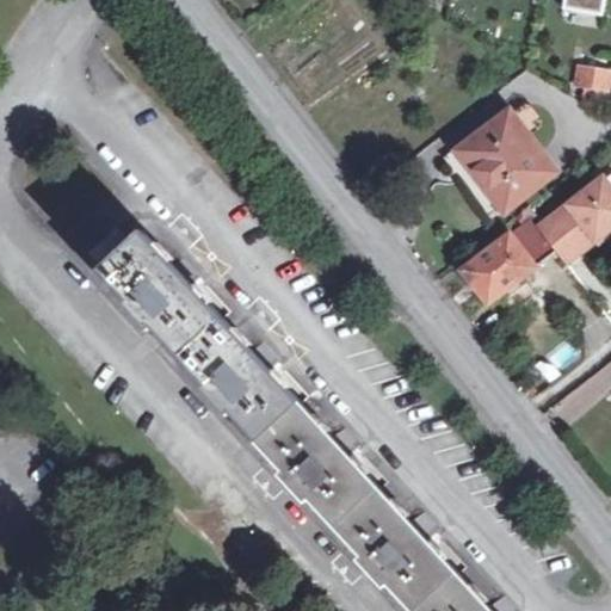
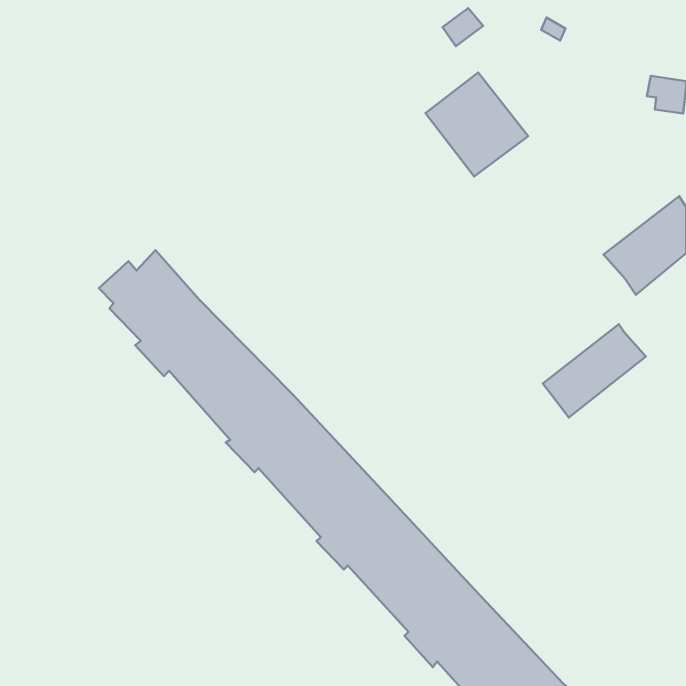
building: [459,119,550,211] -> [425,72,528,177]
building: [461,222,551,304] -> [543,324,646,417]

